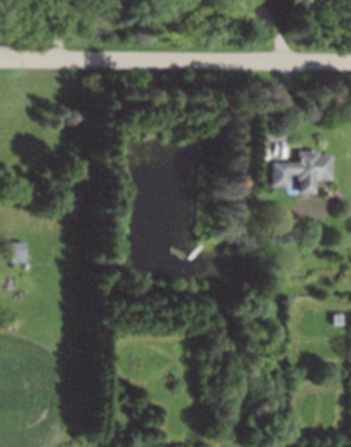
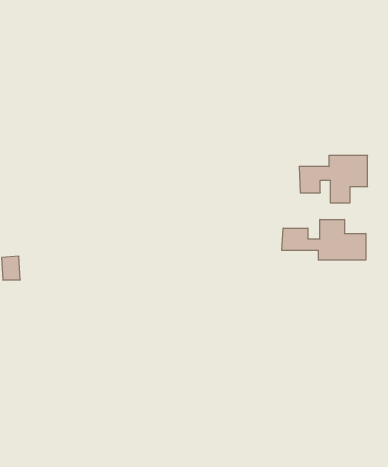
building: none -> [282,219,366,260]

